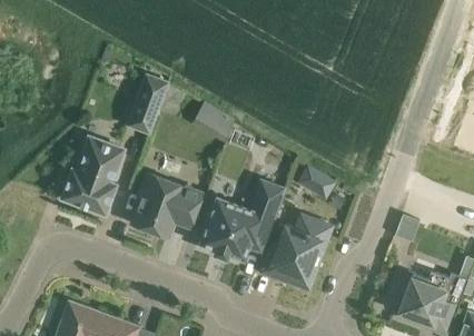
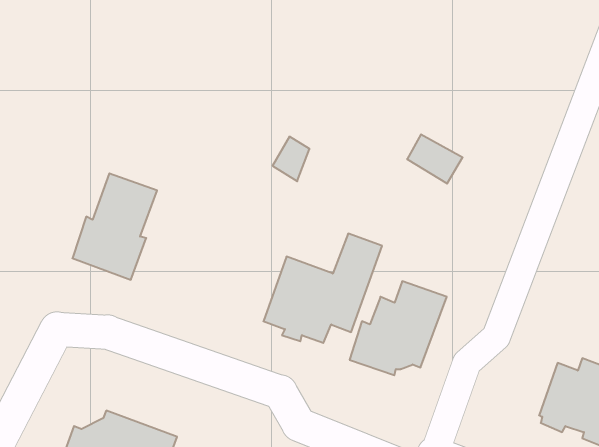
building: [125,72,169,136] -> none
building: [296,165,336,200] -> [407,134,463,184]
building: [131,174,201,233] -> none

